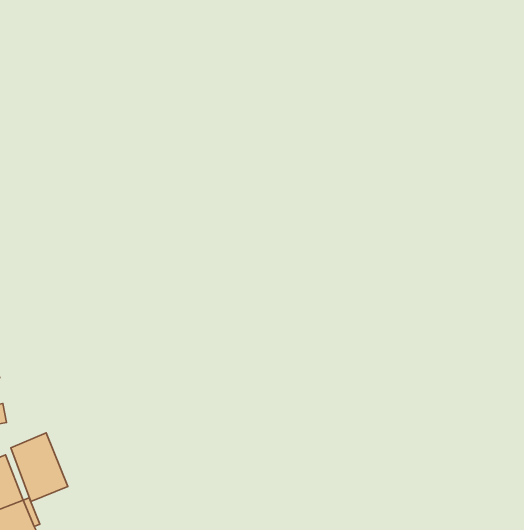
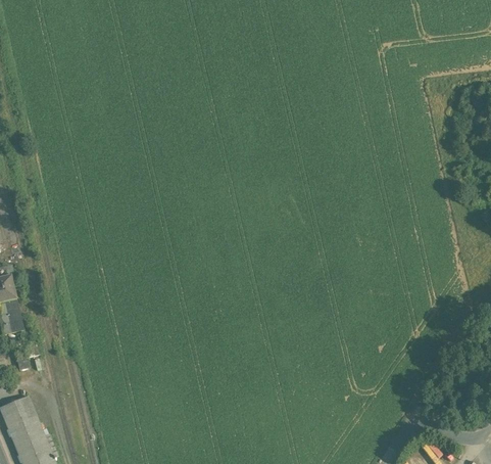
building: [11,433,68,501] -> none

